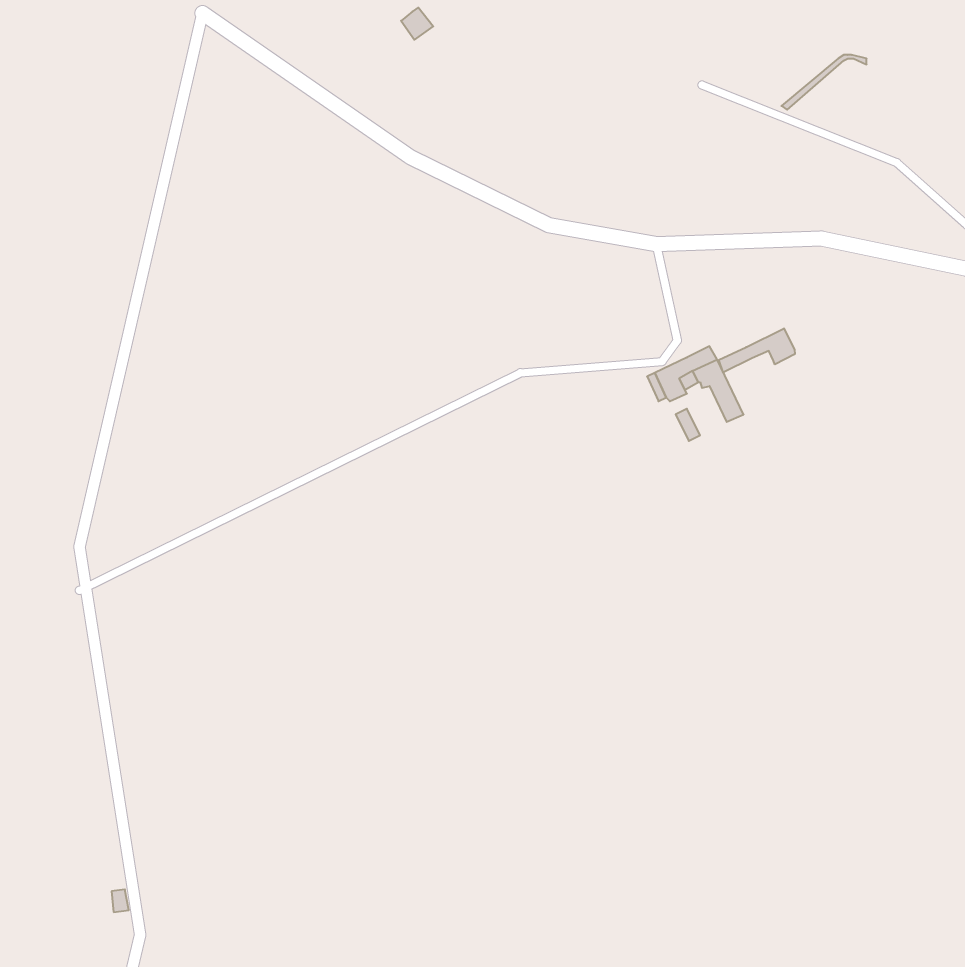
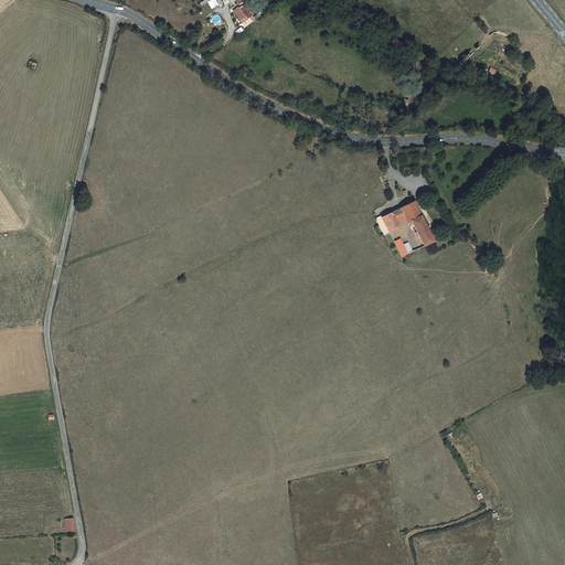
building: [719,328,795,372] -> none

